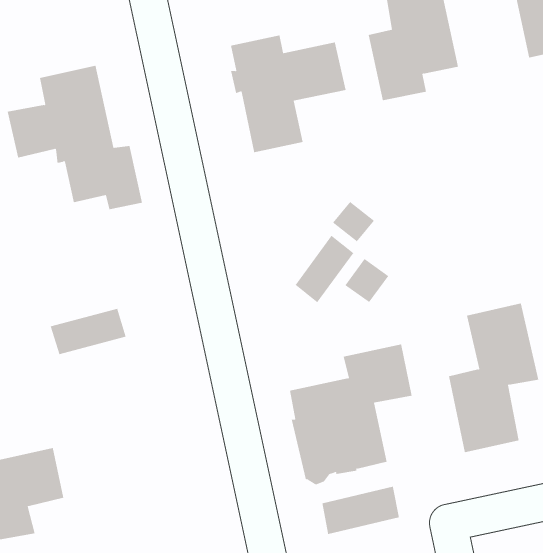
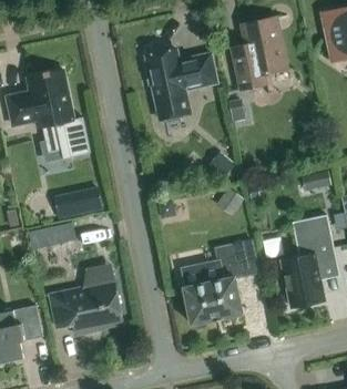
building: [295,235,354,303] -> none
building: none -> [59,185,108,214]
building: none -> [49,263,122,335]
building: [322,486,399,535] -> none

